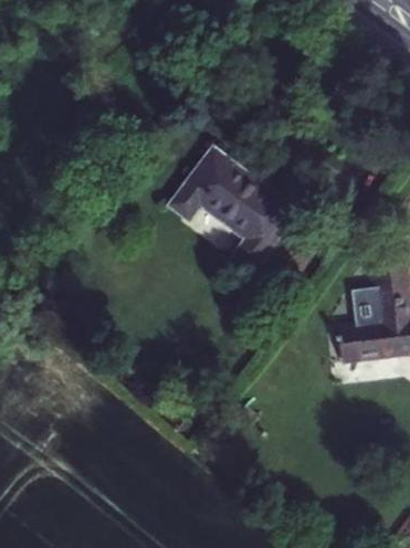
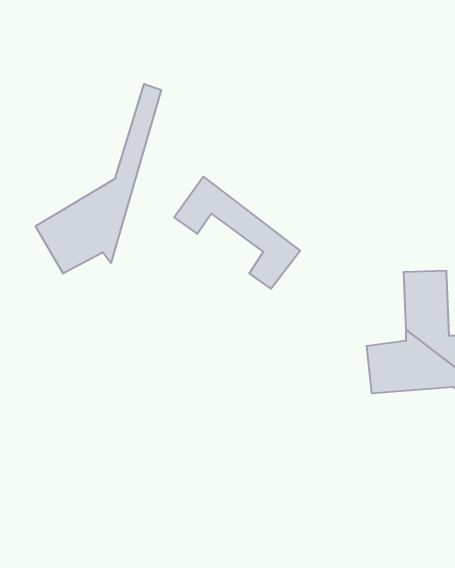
building: none -> [36,84,161,274]
building: [189,151,291,239] -> none

